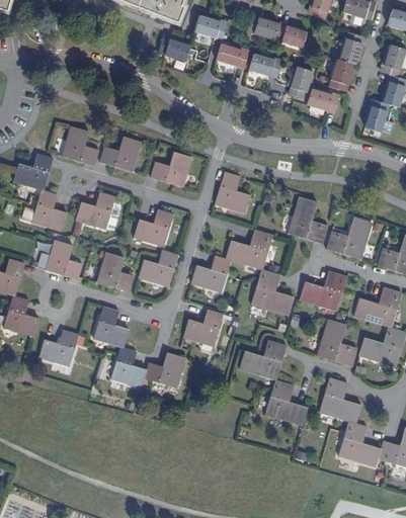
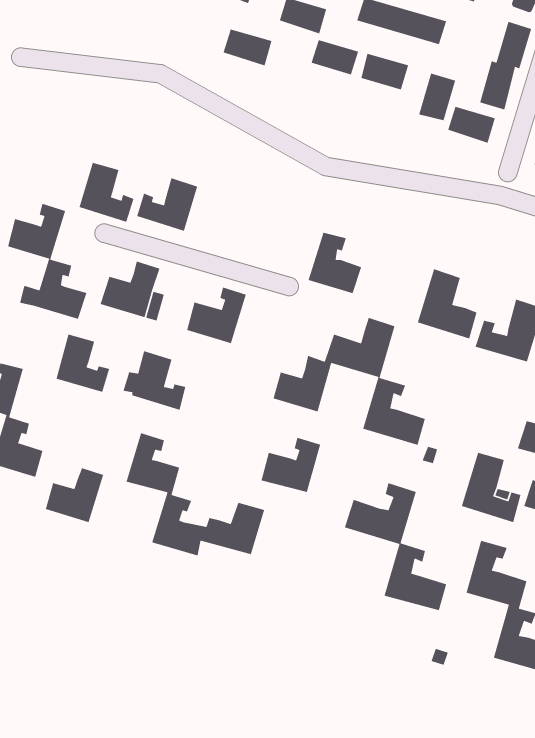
building: [151,152,192,187] -> none
building: [139,249,178,286] -> none
building: [300,270,347,312] -> none

